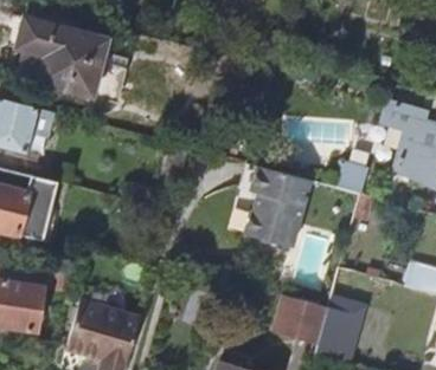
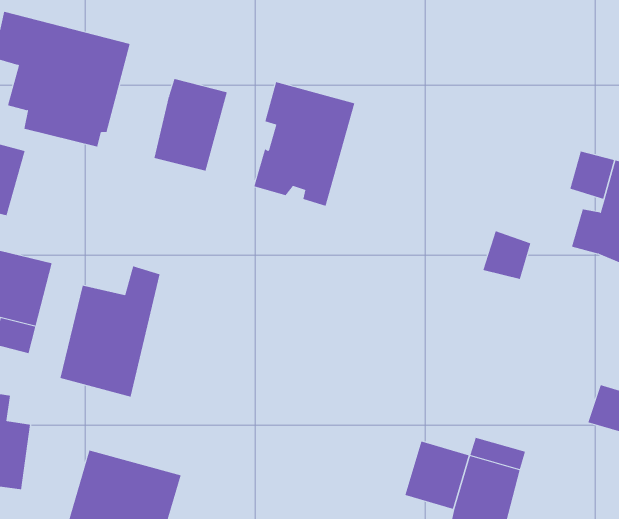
building: none -> [154,78,228,171]
building: [246,165,313,247] -> [254,81,355,207]
building: none -> [60,265,160,398]

